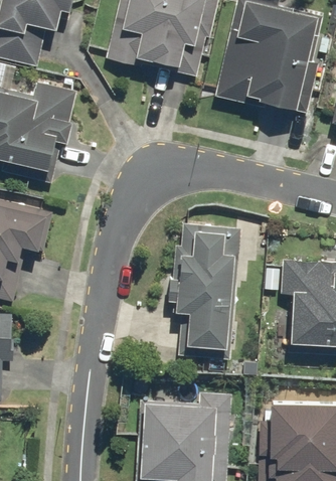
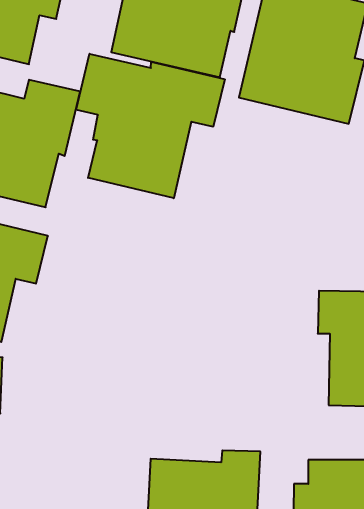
building: none -> [76,54,225,198]
building: [169,223,240,361] -> none

